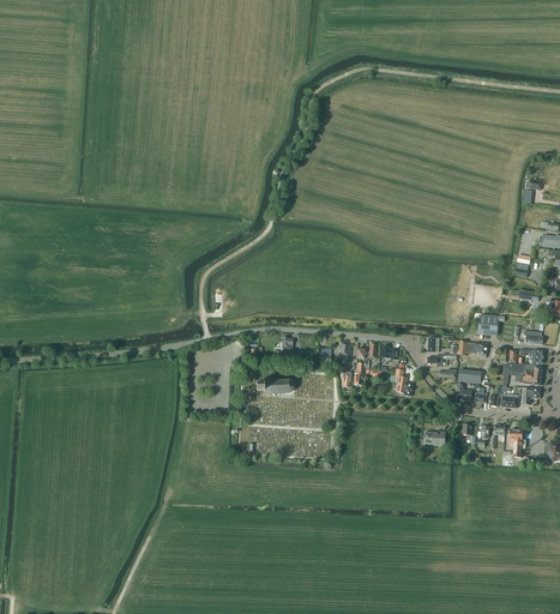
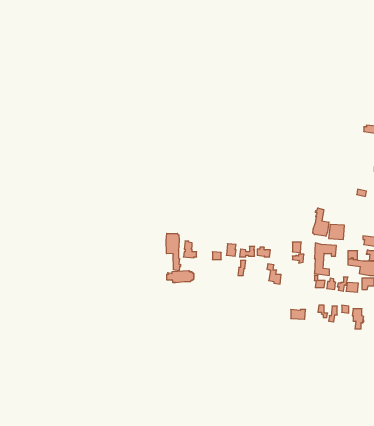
building: none -> [313,208,329,236]
building: none -> [166,233,181,271]

